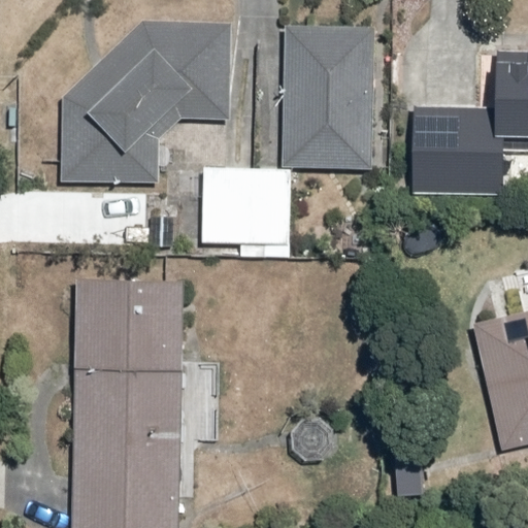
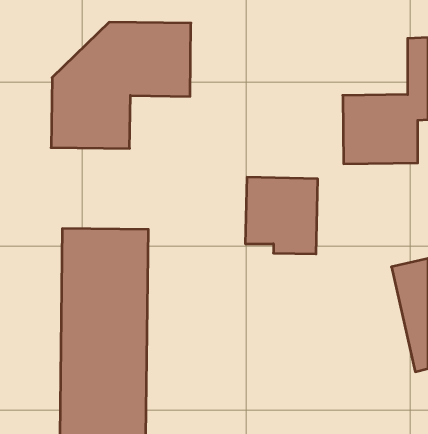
building: [288,26,372,163] -> none
building: [201,166,289,259] -> [245,177,318,254]

